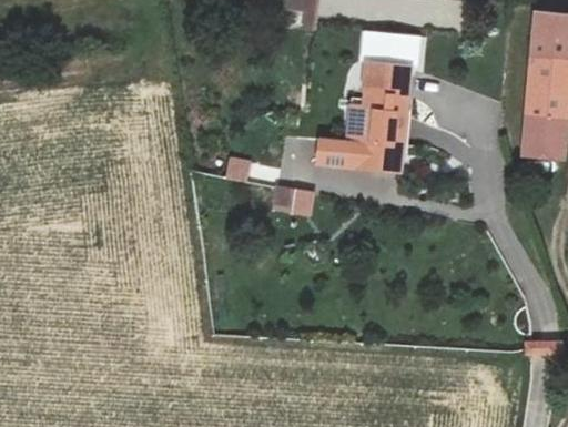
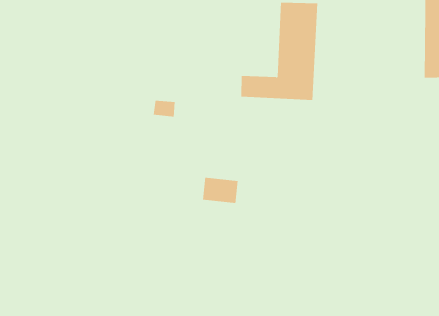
building: [274,185,315,216] -> [202,177,238,204]

